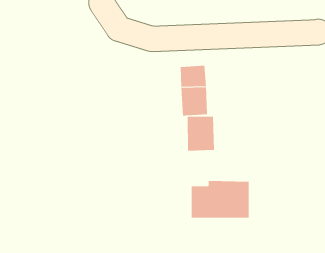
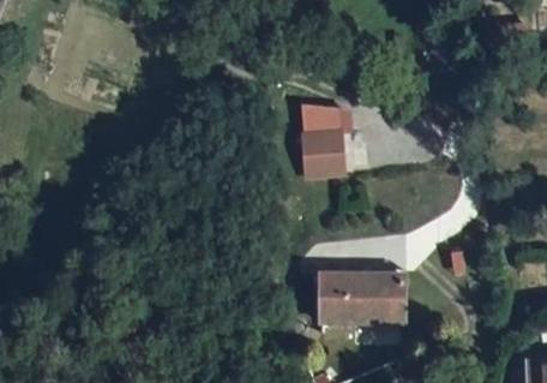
building: [187,116,215,152] -> none

